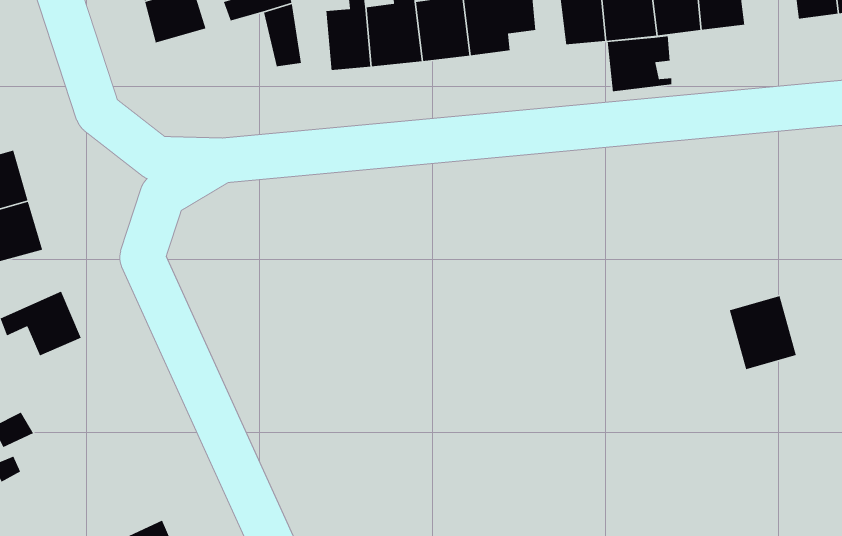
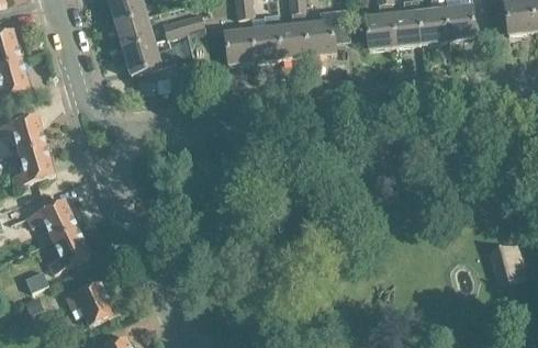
building: none -> [122,40,175,74]
building: [607,36,672,92] -> none
building: [729,295,797,370] -> [486,240,527,285]
building: none -> [49,225,91,270]
building: none -> [66,279,117,323]

